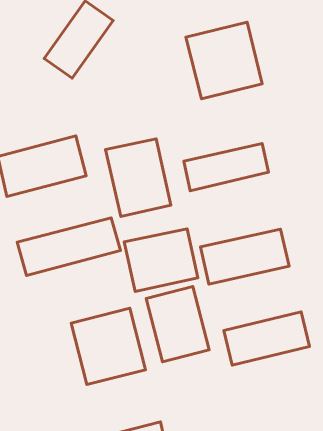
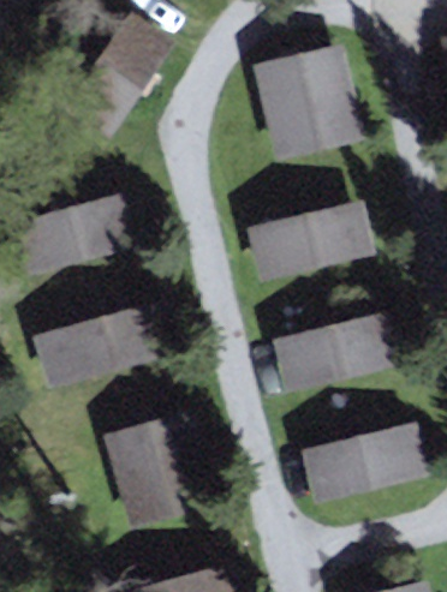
building: [106,139,171,216] -> none
building: [124,229,198,292] -> none
building: [146,287,209,362] -> none

